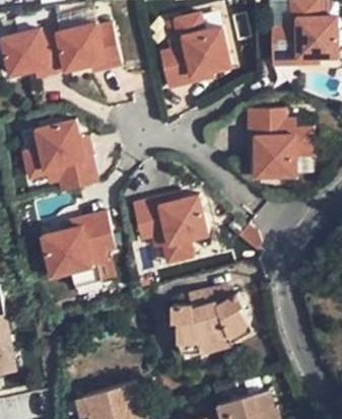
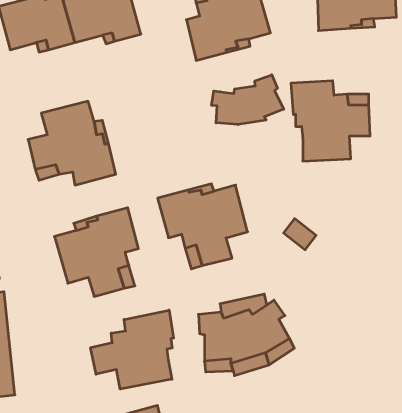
building: none -> [212,75,284,125]
building: none -> [91,310,174,389]

